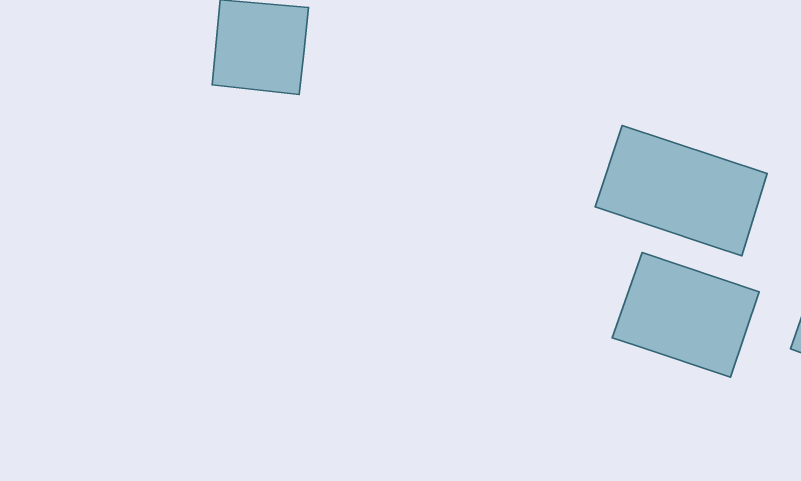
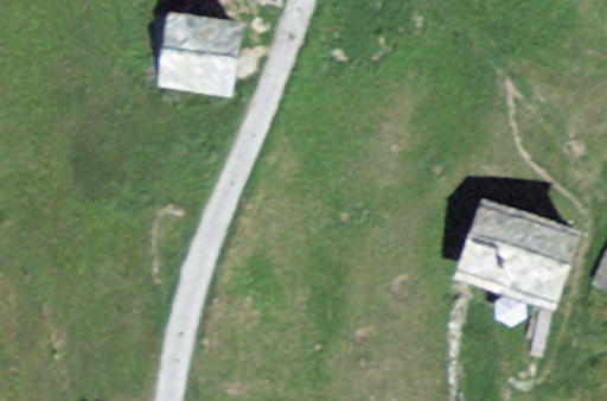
building: [595,126,767,256] -> none

